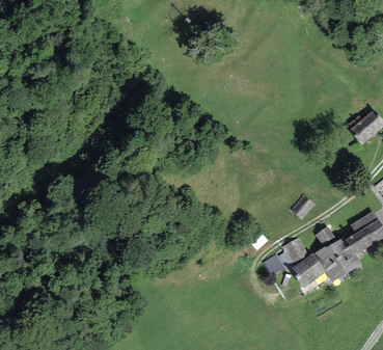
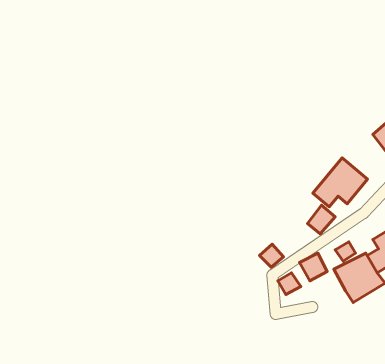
building: none -> [313,158,368,207]
building: [290,251,325,288] -> none

